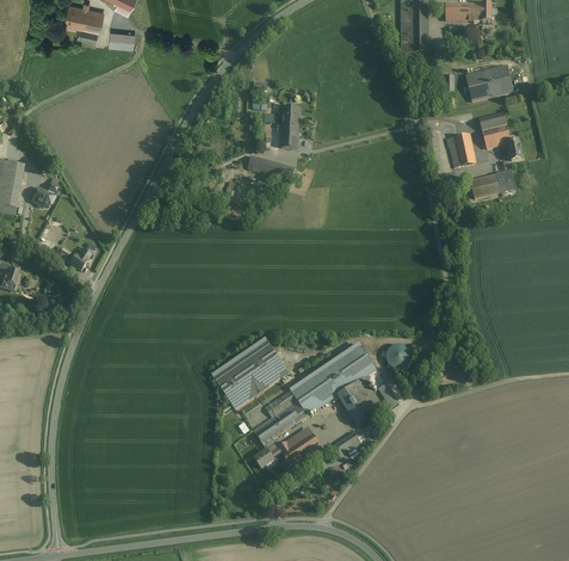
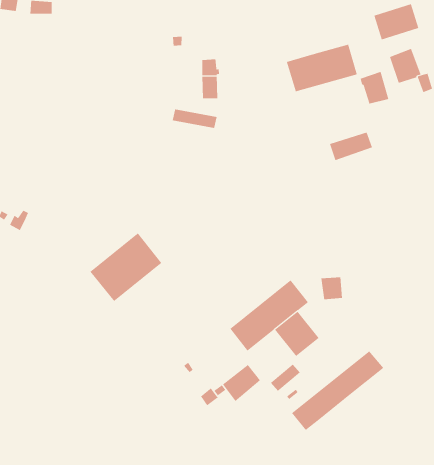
building: none -> [286,44,358,92]
building: [469,169,514,197] -> [329,132,373,161]
building: [211,338,287,408] -> [90,233,162,302]
building: [253,389,307,444] -> none
building: none -> [291,350,384,431]

